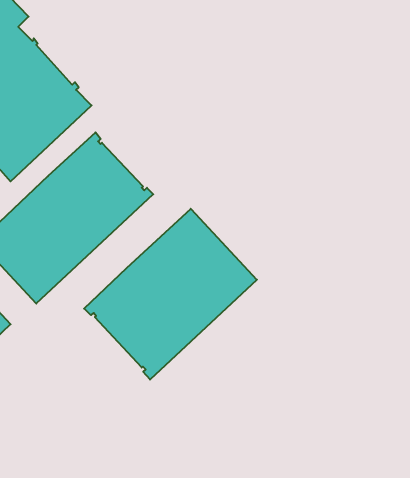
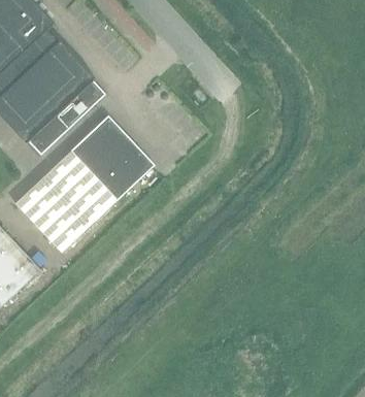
building: [84,209,257,380] -> none

